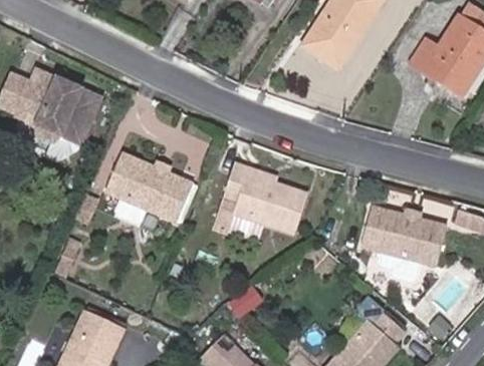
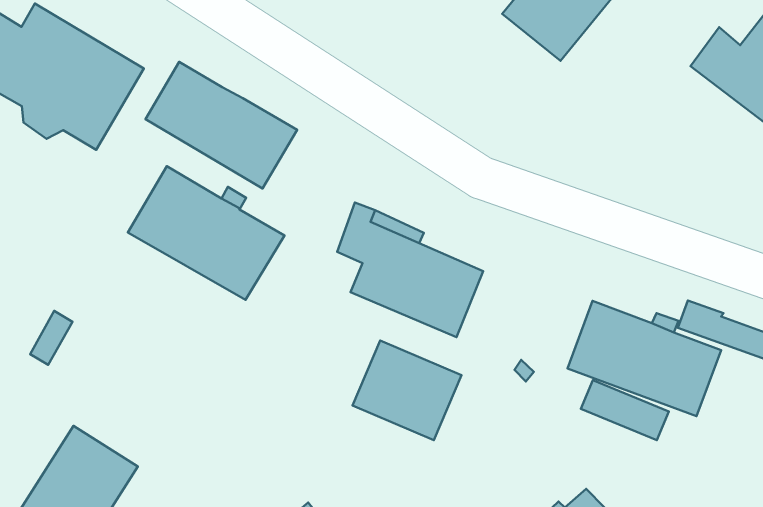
building: none -> [146,62,297,189]
building: none -> [352,340,462,440]

